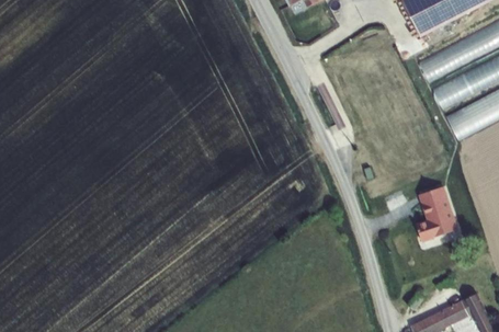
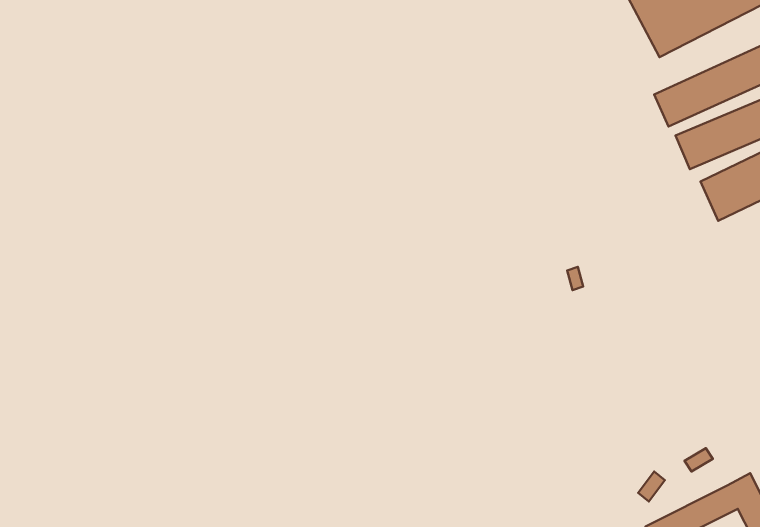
building: [413,182,455,239] -> none

